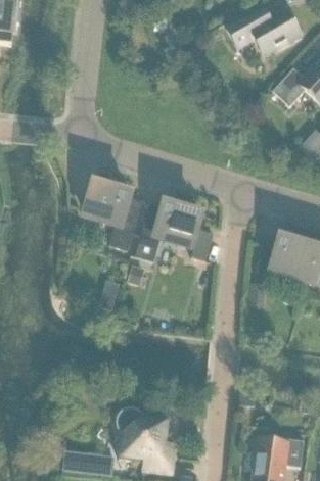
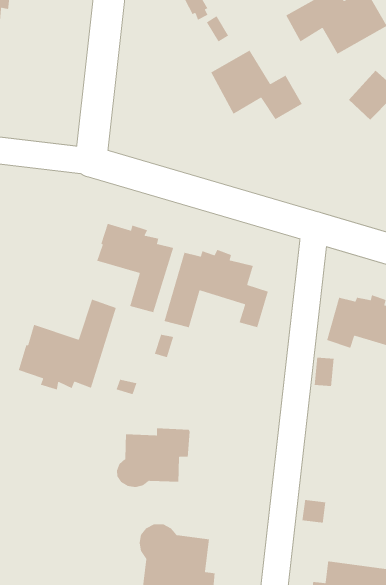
building: none -> [210,50,303,120]
building: none -> [18,299,117,390]
building: none -> [116,427,190,488]

